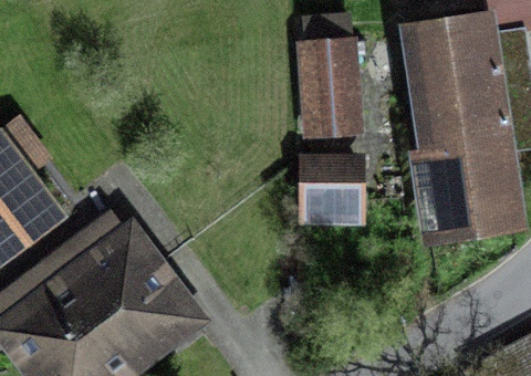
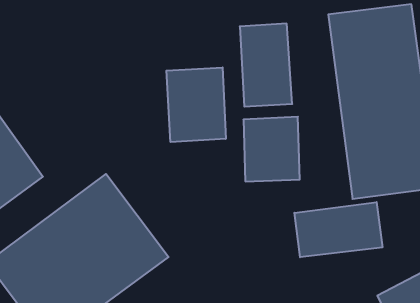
building: none -> [166,67,226,142]
building: none -> [294,202,382,257]

